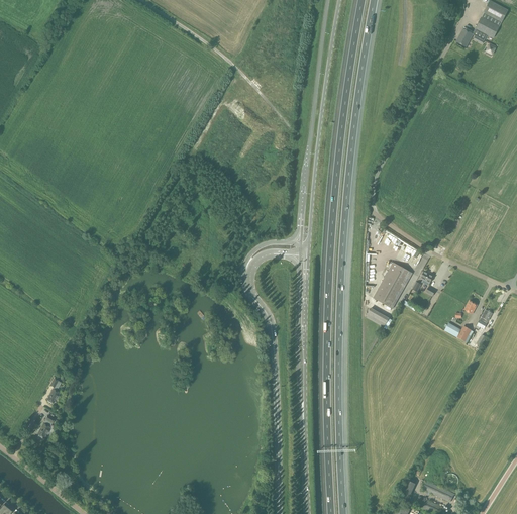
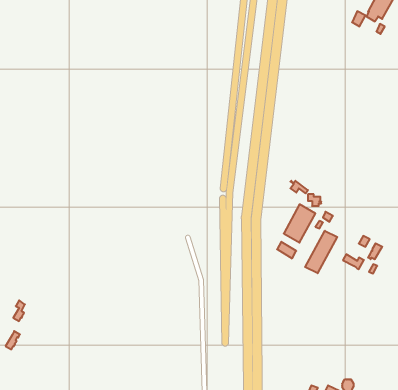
building: none -> [305,231,337,273]

